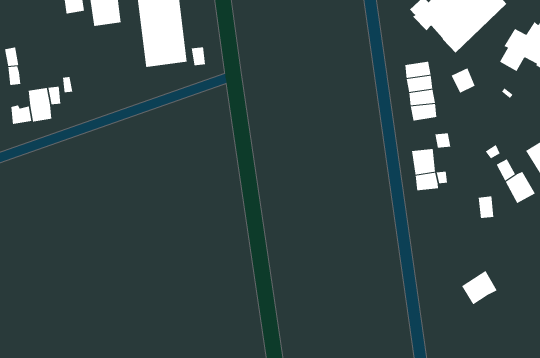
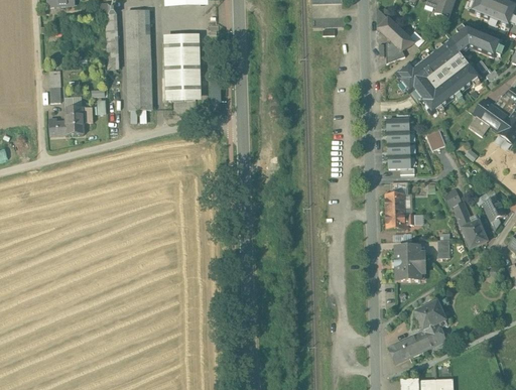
building: none -> [126,57,153,110]
building: none -> [393,245,424,279]
building: none -> [387,321,444,362]

